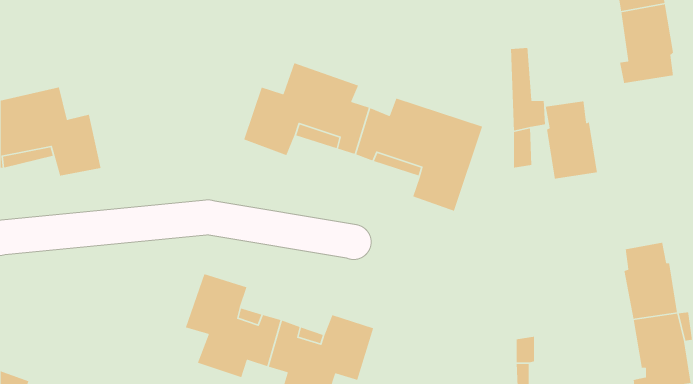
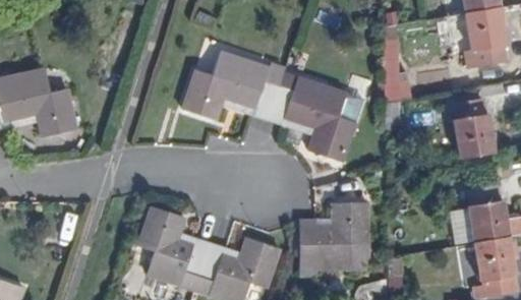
building: [545,101,598,180] -> [453,98,493,157]
building: none -> [301,202,368,269]

